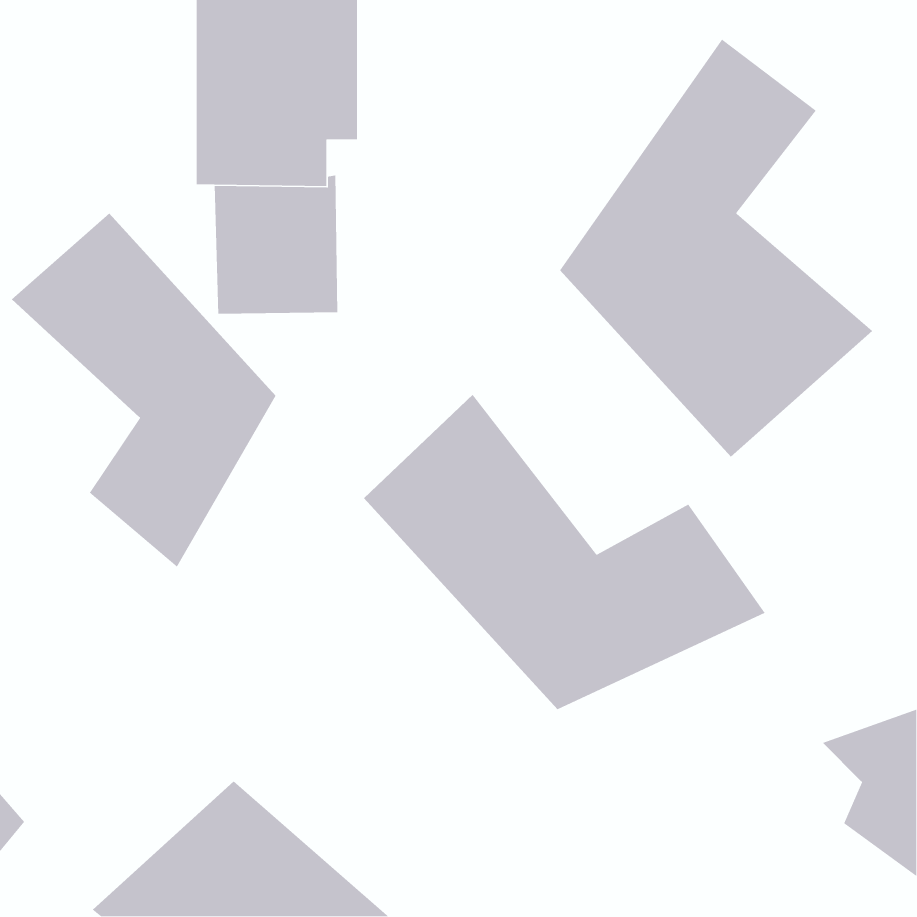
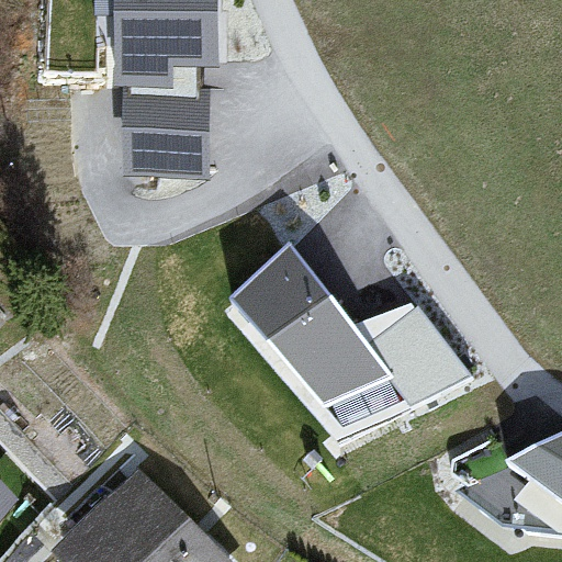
building: [559,38,873,458] -> none
building: [11,213,277,568] -> none

